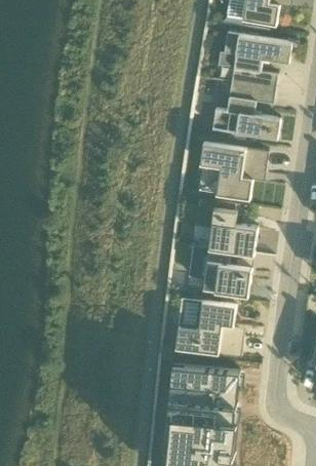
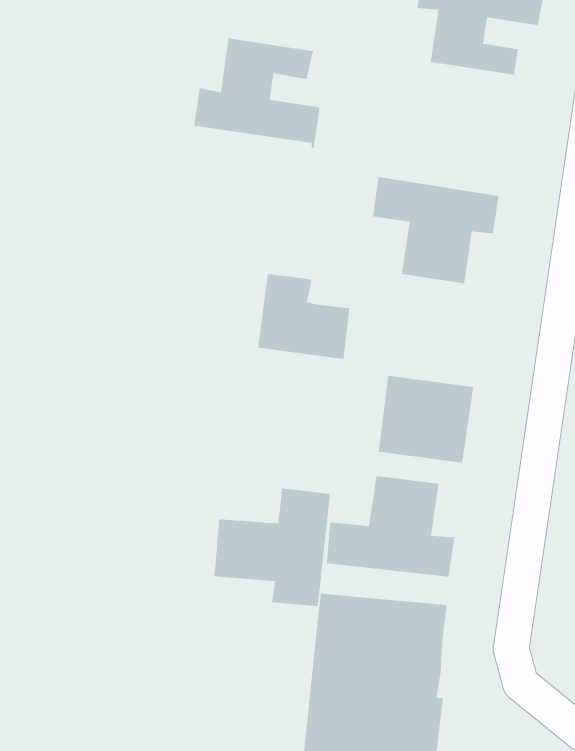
building: [210,81,278,141] -> [193,37,321,149]
building: [206,207,255,254] -> [257,273,350,360]
building: none -> [213,487,331,607]

